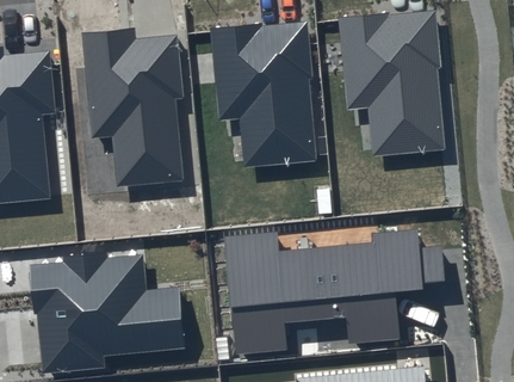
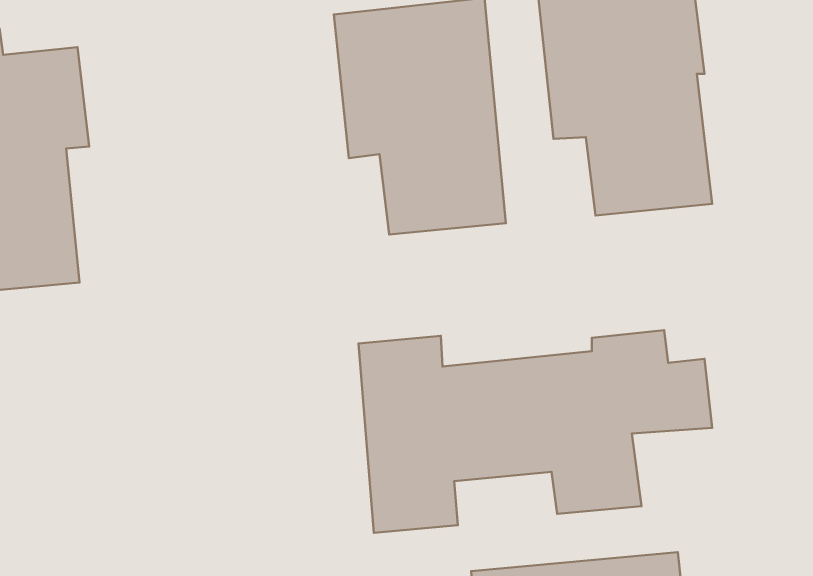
building: [81,27,184,187] -> none
building: [31,253,186,374] -> none

